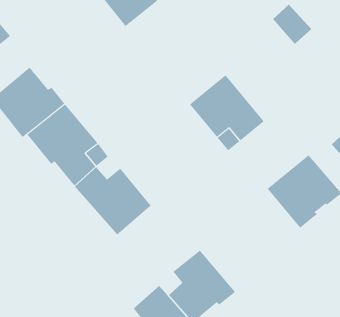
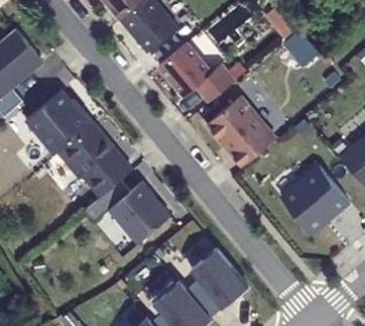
building: none -> [155,42,231,102]

